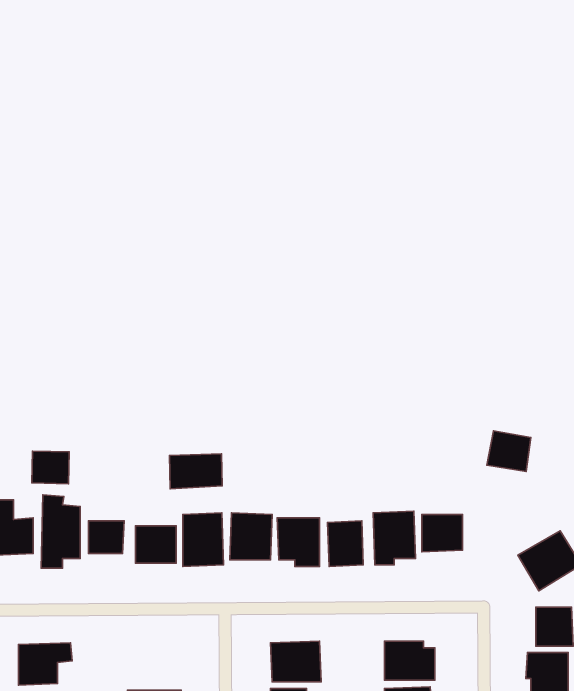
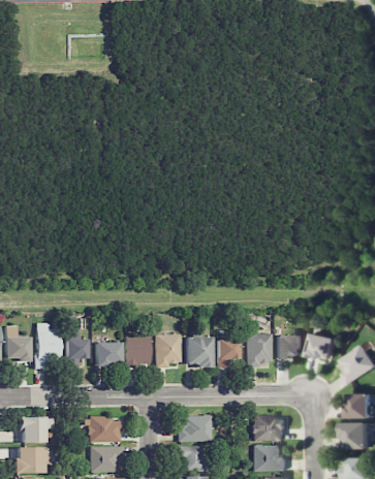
building: [487,431,531,472] -> [308,333,336,359]
building: [32,451,69,484] -> none
building: [169,454,222,489] -> none
building: none -> [87,416,121,442]

